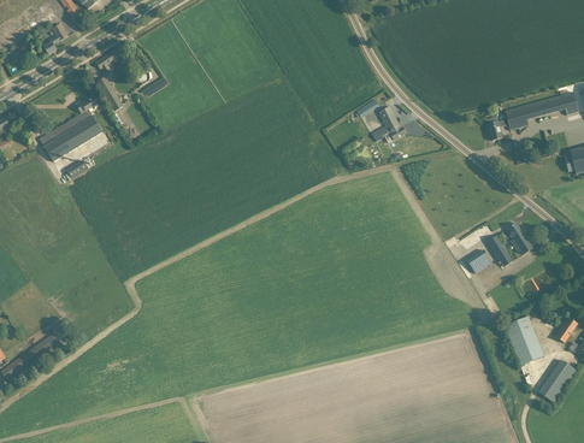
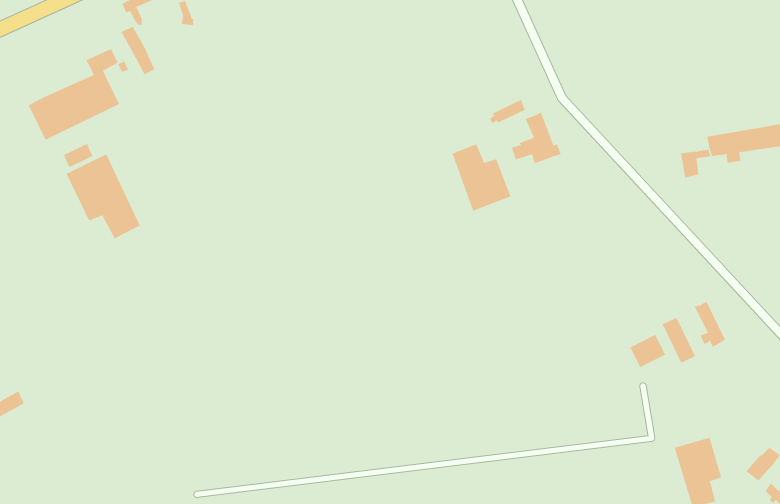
building: none -> [452,143,511,212]
building: none -> [66,153,141,239]

